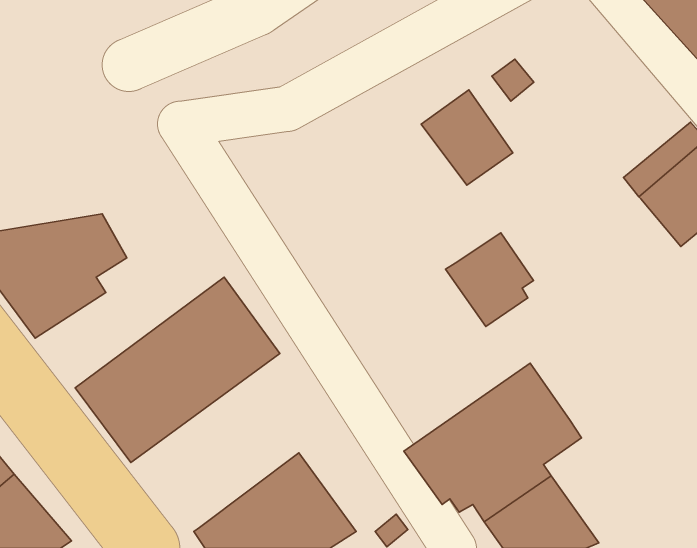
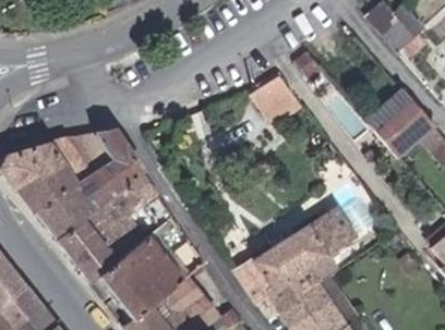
building: none -> [29,132,137,237]
building: [446,233,533,326] -> [312,203,362,256]
building: none -> [92,218,201,317]

